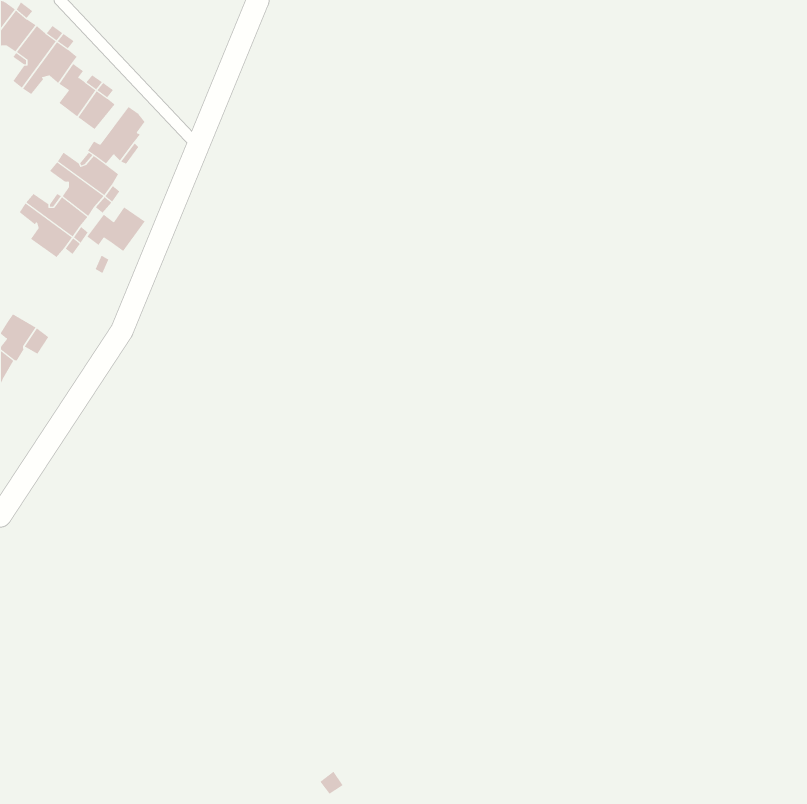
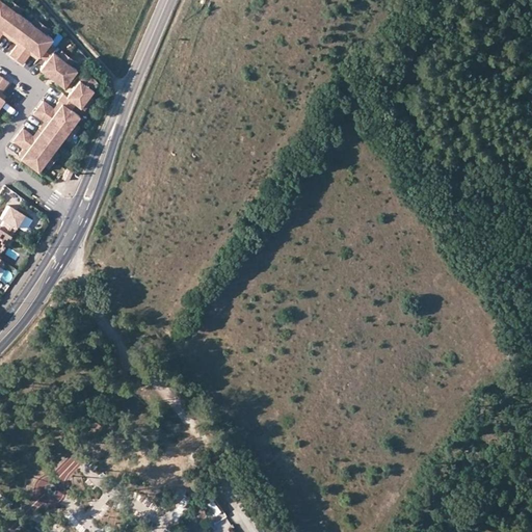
building: [87,206,146,252] -> none

